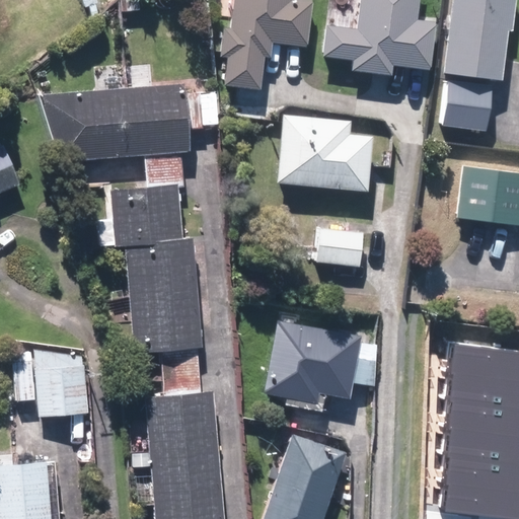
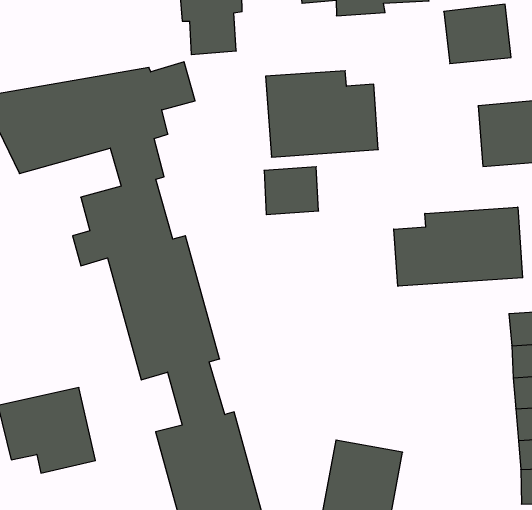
building: [316,225,365,267] -> [264,167,319,215]
building: none -> [394,207,523,286]
building: [263,317,381,404] -> none

